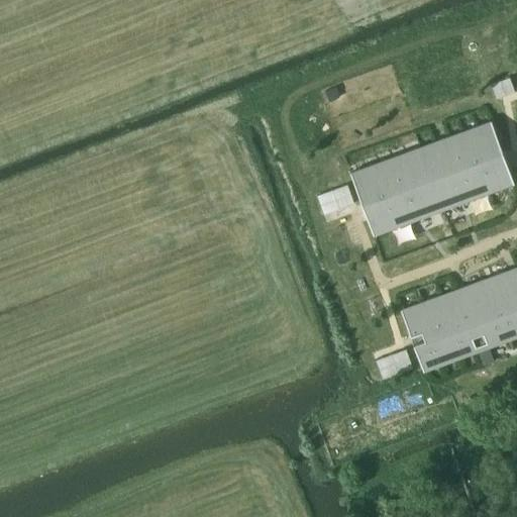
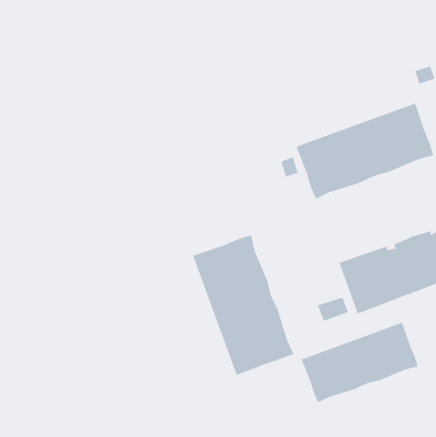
building: none -> [193,235,295,376]
building: none -> [301,322,418,403]

